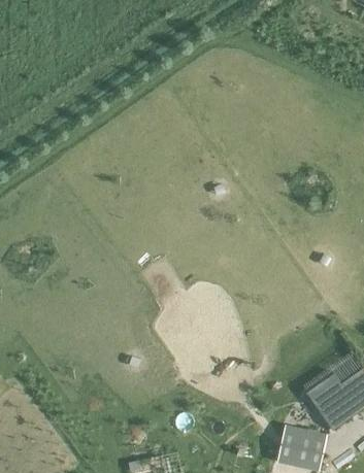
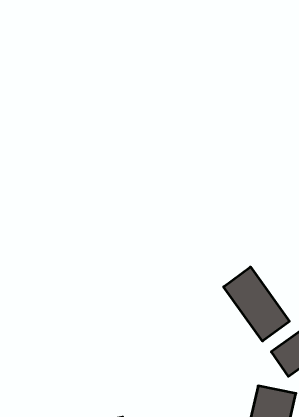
building: none -> [224,267,289,341]

